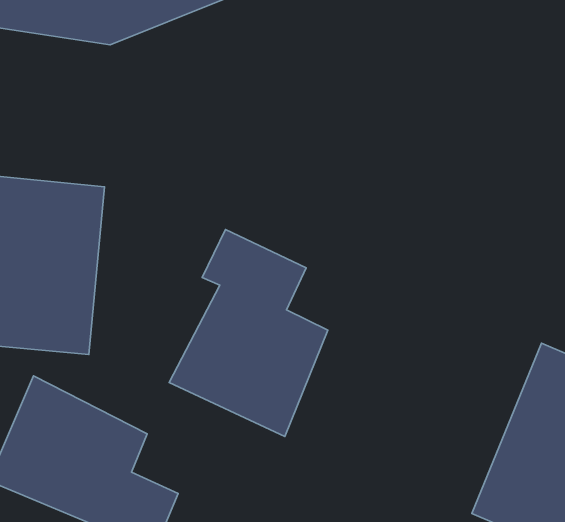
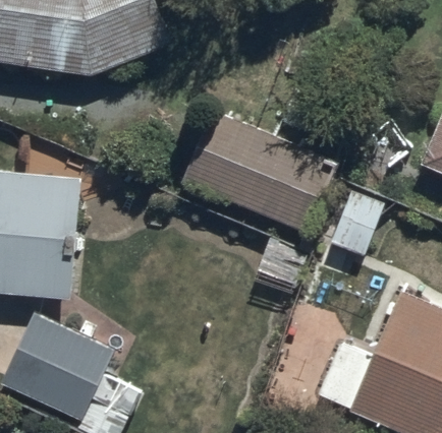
building: none -> [182,113,334,236]
building: [169,230,328,437] -> none

